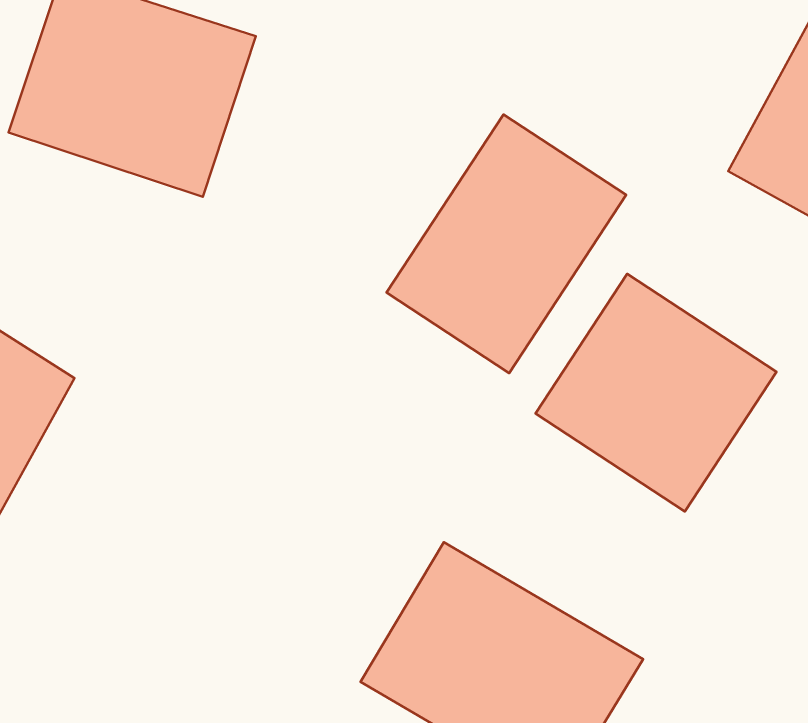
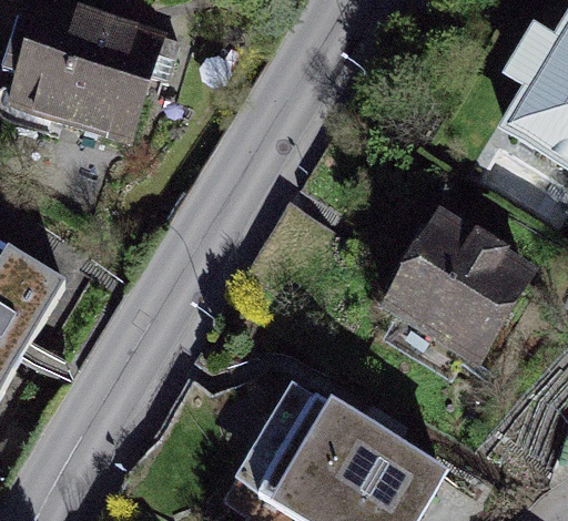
building: [387,114,626,373] -> none

